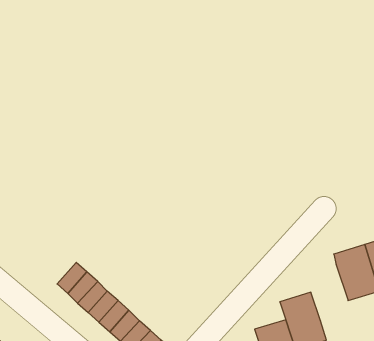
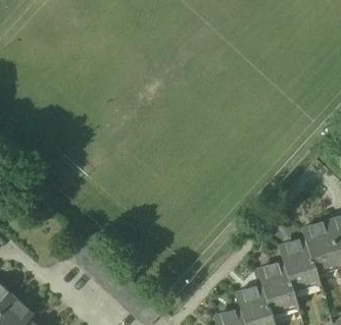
building: none -> [280,238,319,286]

